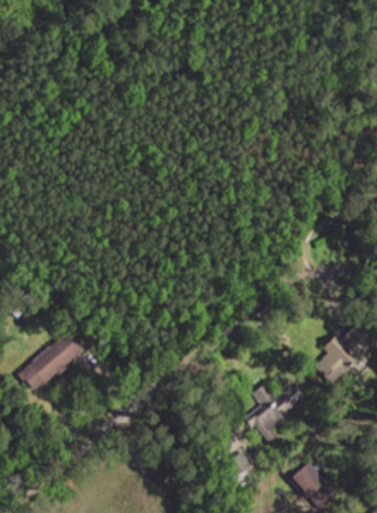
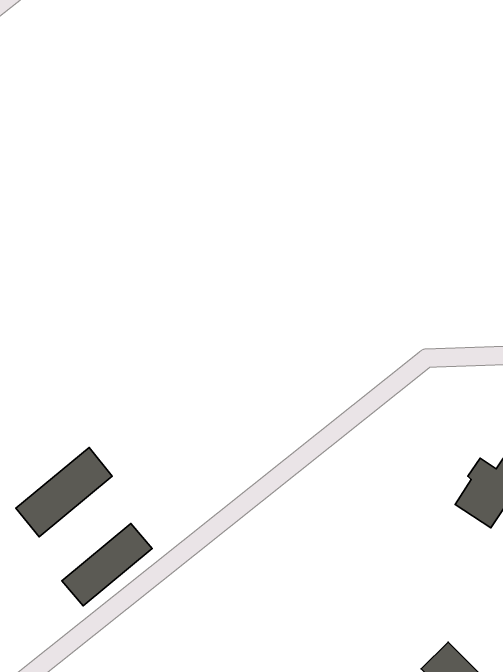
building: [246,381,304,436] -> none
building: none -> [62,524,152,606]

